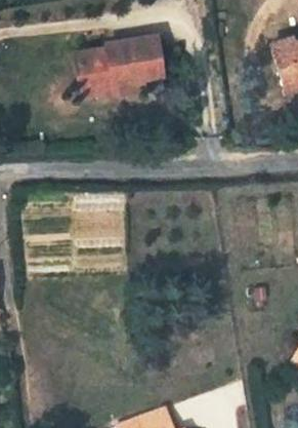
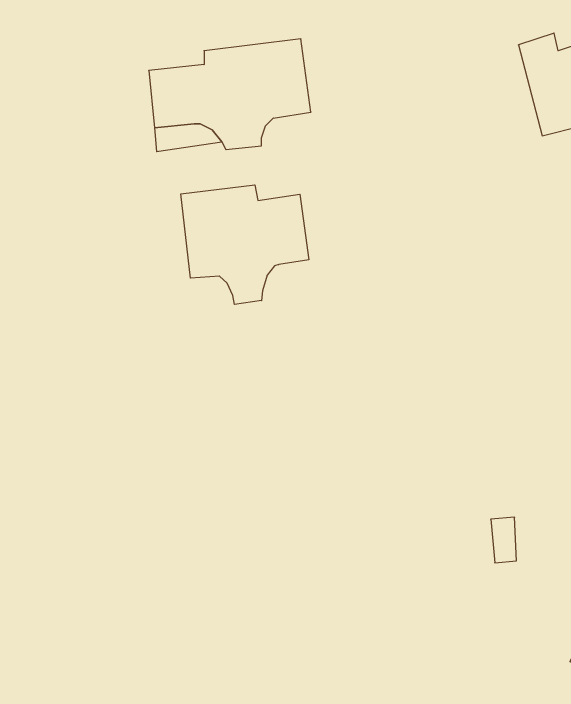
building: none -> [181,185,309,304]

